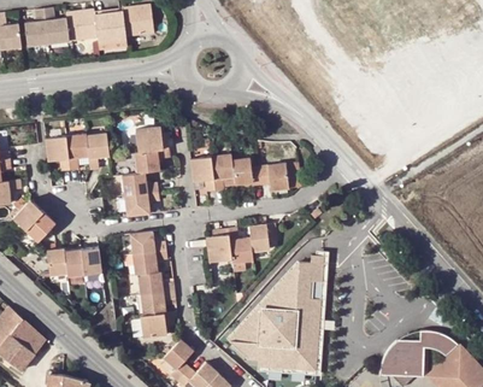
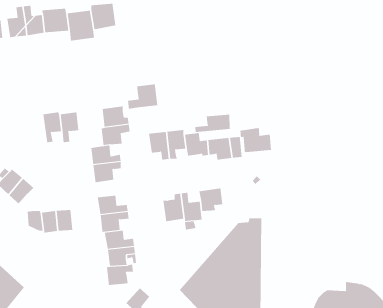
building: none -> [128,84,158,109]
building: none -> [195,114,230,133]
building: [46,136,71,171] -> none
building: none -> [240,127,272,153]

